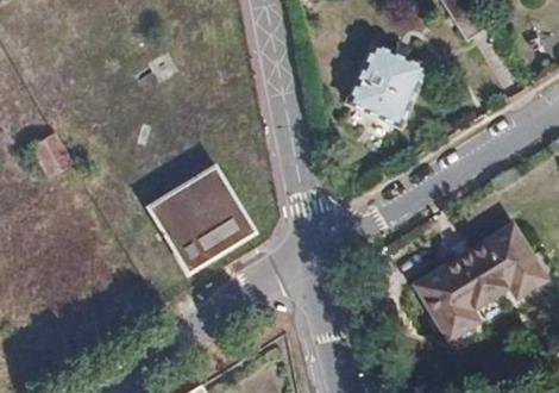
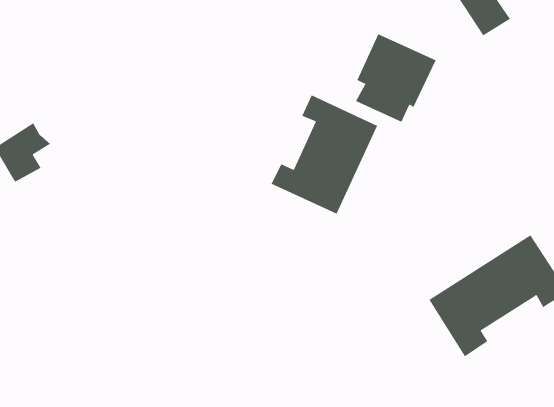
building: none -> [271,94,378,214]
building: [145,169,249,272] -> none

